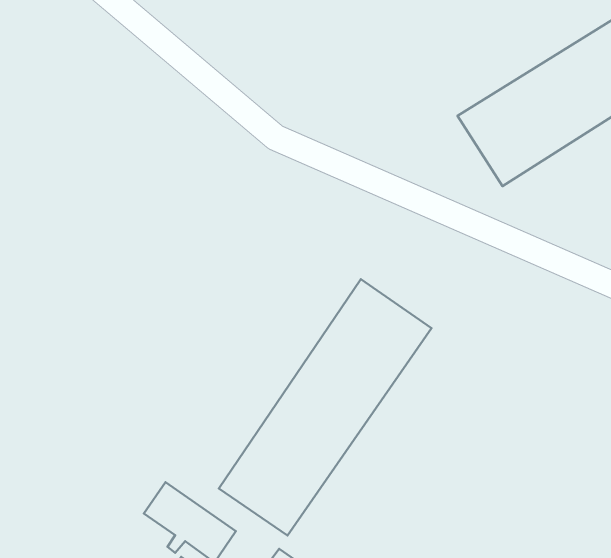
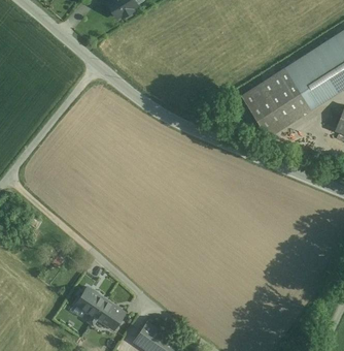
building: [219,279,432,535] -> none

